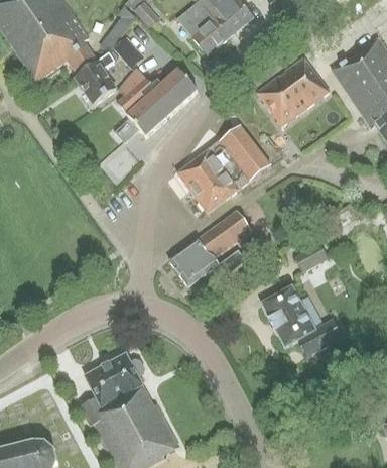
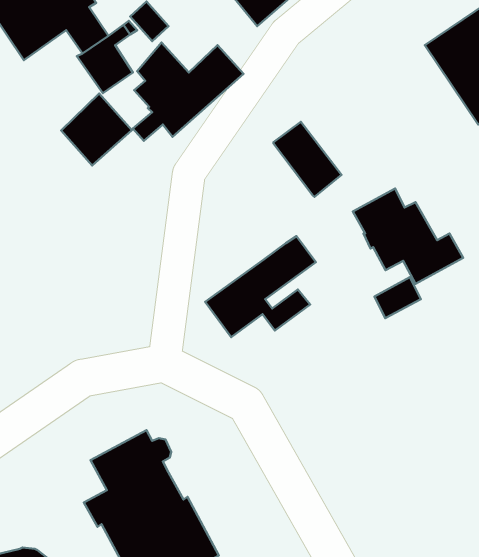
building: [256,55,329,125] -> none
building: none -> [61,93,132,165]
building: [177,141,249,212] -> none
building: [261,285,343,356] -> [353,188,463,284]

